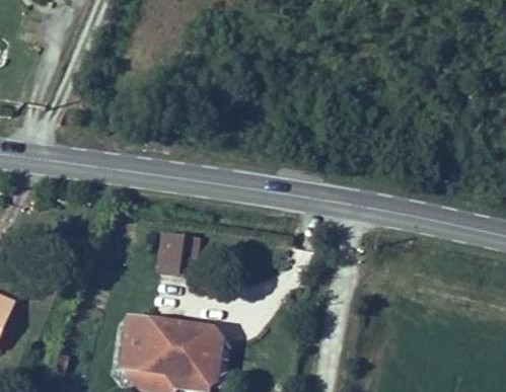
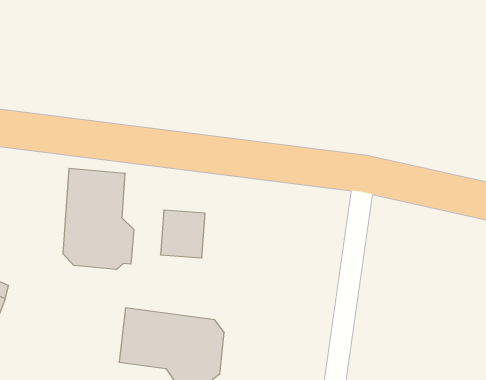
building: none -> [63,168,134,270]

